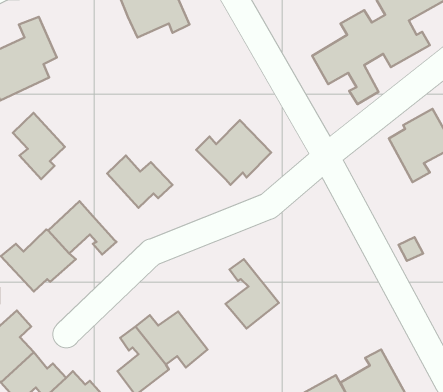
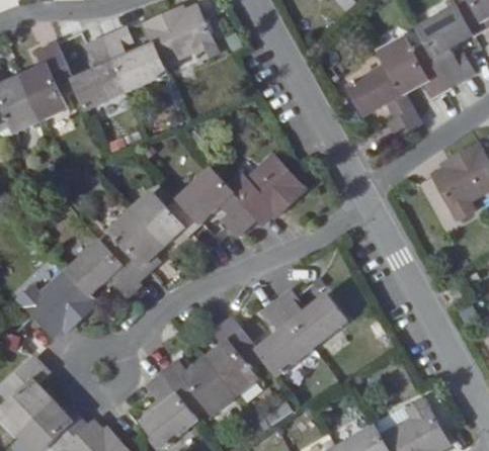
building: none -> [73,30,166,109]
building: [13,113,65,179] -> [107,210,163,281]
building: none -> [176,169,256,235]
building: none -> [275,289,347,348]
building: none -> [206,315,263,397]

